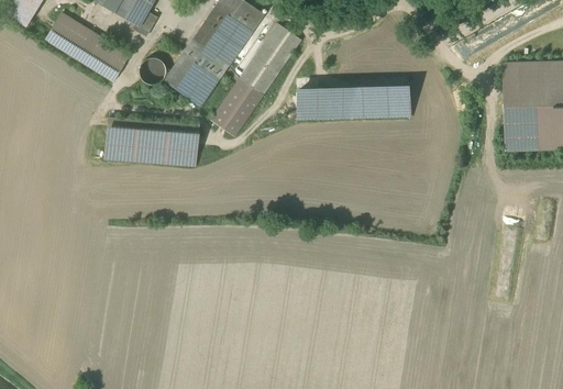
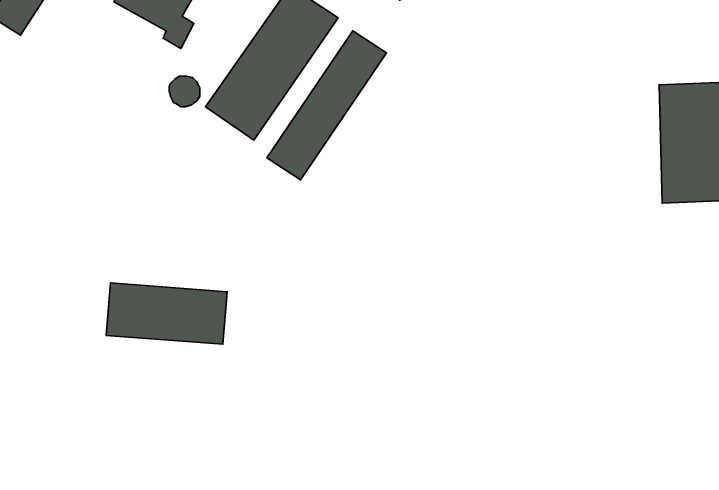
building: [45,13,130,81] -> none
building: [297,90,408,120] -> none
building: [107,119,198,165] -> [106,283,227,344]

